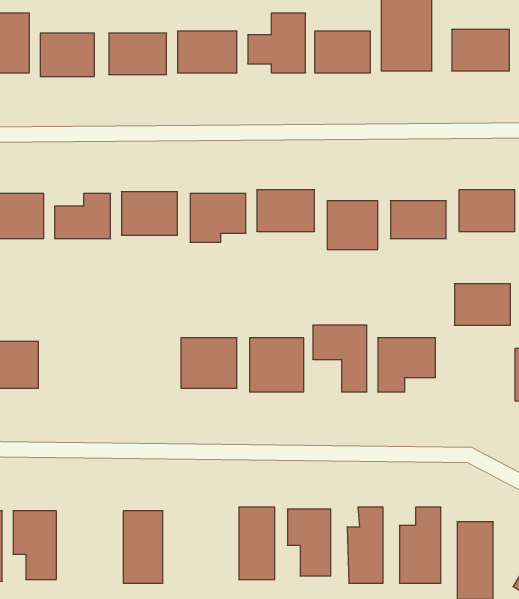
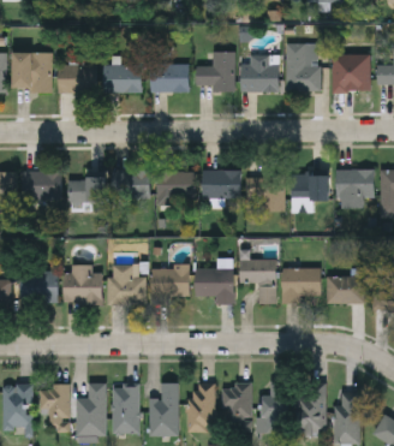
building: [454,284,510,325] -> [327,276,364,304]
building: none -> [108,263,145,304]
building: none -> [64,267,101,304]
building: none -> [76,382,106,434]
building: none -> [149,382,178,434]

